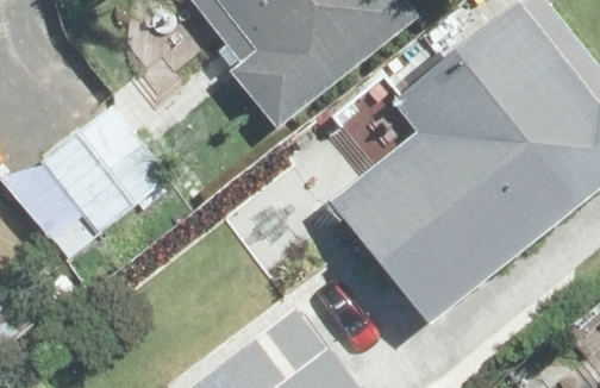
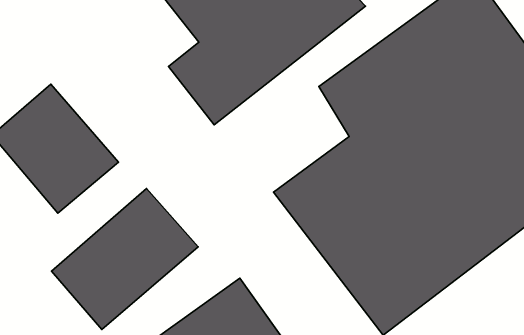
building: none -> [51,189,198,329]

